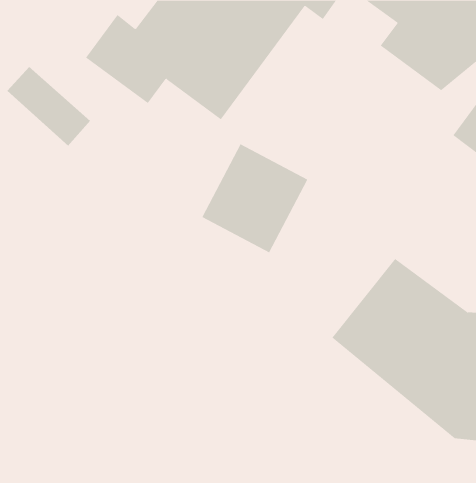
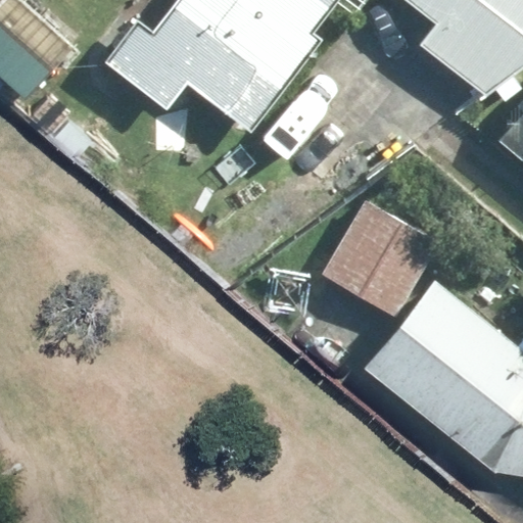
building: [202,144,308,253] -> [323,200,438,319]

